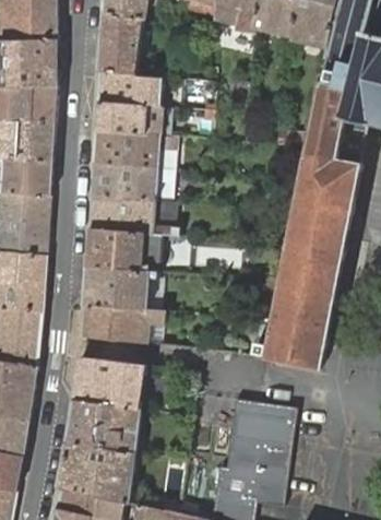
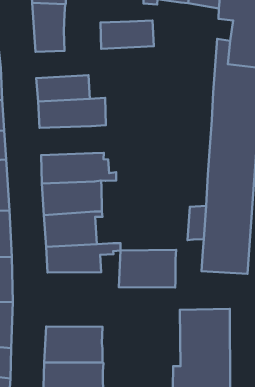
building: [97,70,163,106] -> [101,21,154,49]
building: [92,162,174,201] -> none
building: [72,356,146,409] -> [119,250,176,287]

